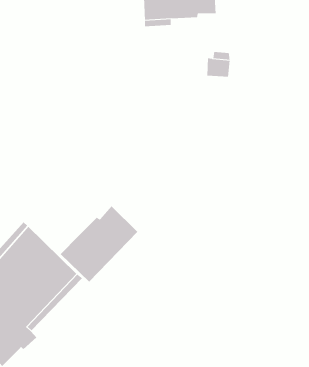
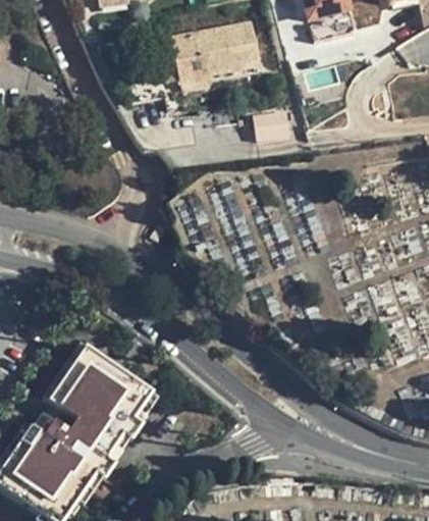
building: [60,206,138,282] -> none

